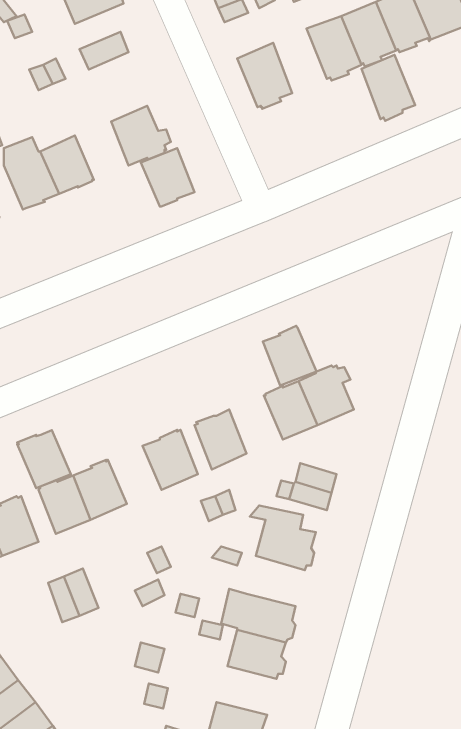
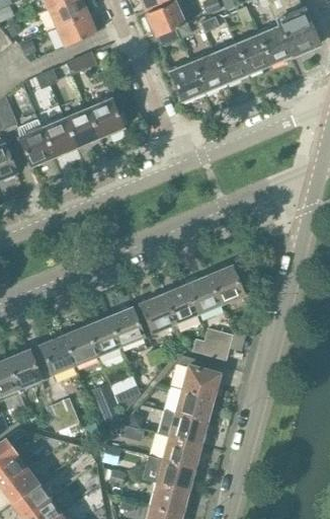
building: [362,55,415,121] -> [191,49,226,91]
building: [141,148,194,206] -> [64,108,98,146]
building: [263,326,316,386] -> [163,284,197,322]
building: [17,430,71,488] -> [85,317,119,355]
building: none -> [174,388,212,421]
building: none -> [155,459,193,491]

